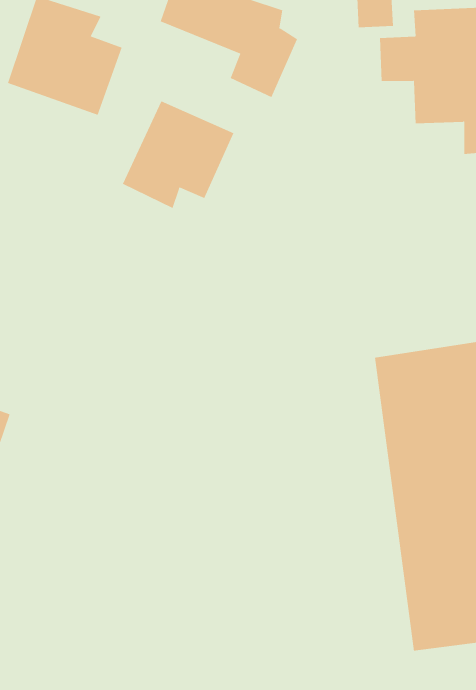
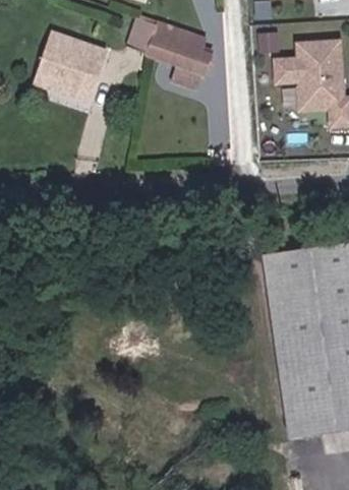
building: [122,101,234,209] -> none

